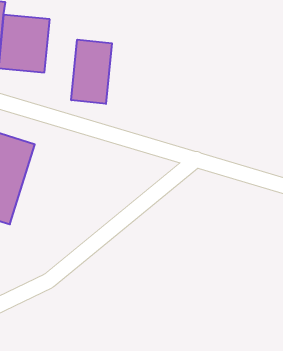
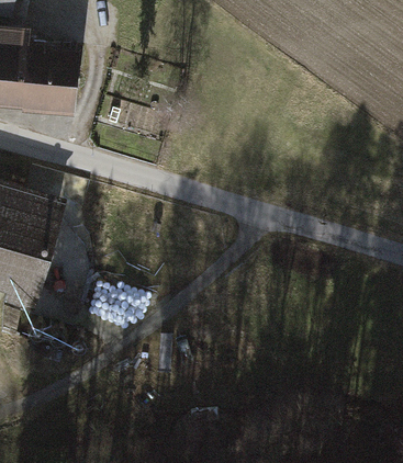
building: [71,40,112,104] -> none

